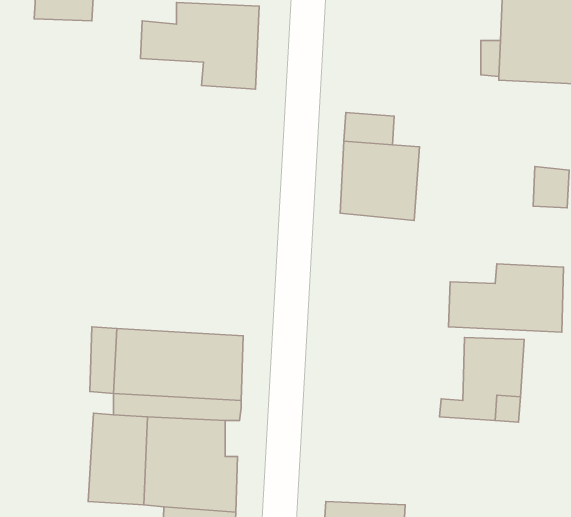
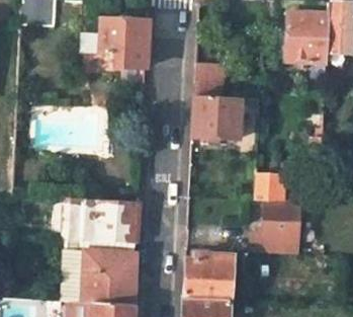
building: none -> [186,254,233,300]

